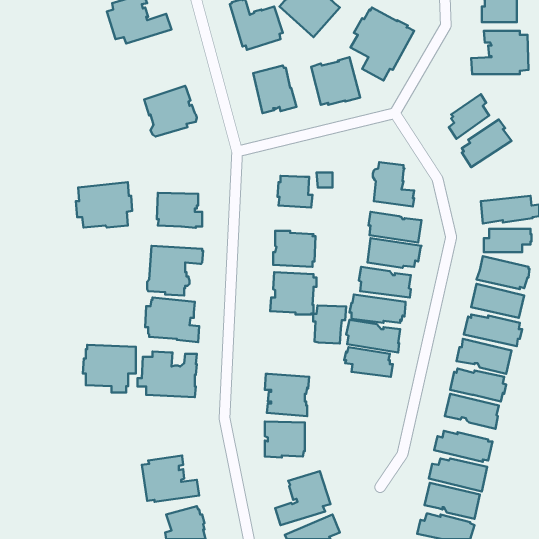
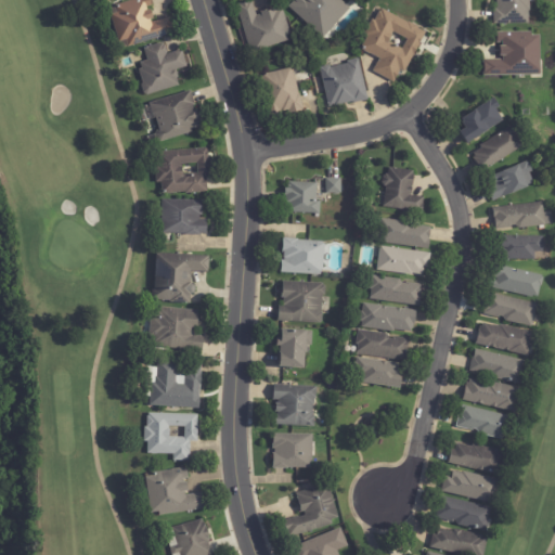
building: none -> [138,40,186,93]
building: none -> [487,159,534,199]
building: [76,182,132,228] -> [154,145,211,192]
building: [313,305,346,344] -> [275,328,309,367]
building: [83,345,136,392] -> [143,411,197,460]

